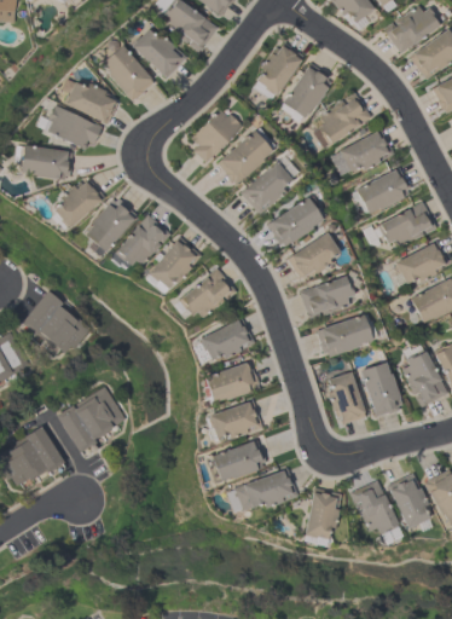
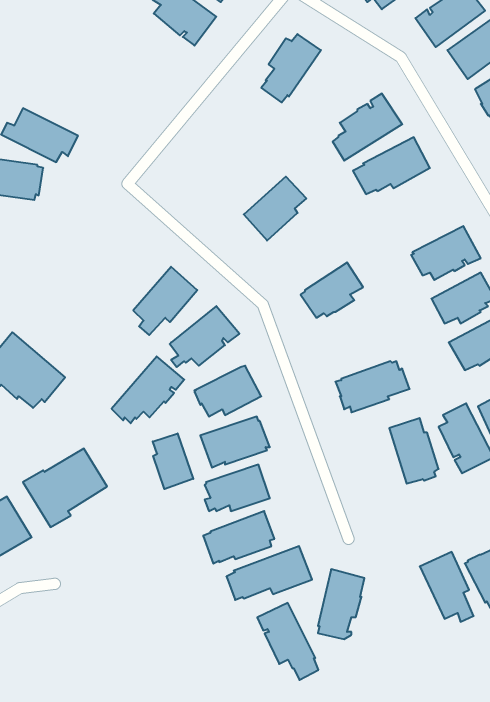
building: [133,29,187,77] -> none
building: [103,45,156,102] -> none
building: [280,63,332,122] -> none
building: [64,79,118,125] -> none
building: [191,109,242,162] -> none
building: [218,131,272,184] -> none
building: [357,167,412,213] -> none
building: [52,179,105,227] -> none
building: [267,196,323,245] -> none
building: [86,198,138,255] -> none
building: [110,214,170,270] -> [112,356,184,423]
building: [300,276,354,322] -> none
building: [329,372,366,424] -> none
building: none -> [153,433,193,489]
building: [350,480,401,544] -> [257,603,318,680]

